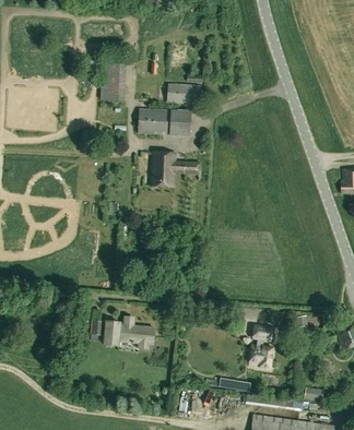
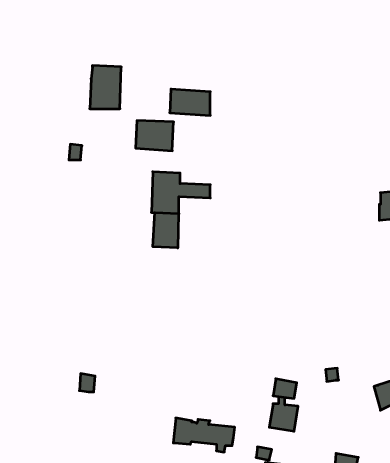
building: [169,109,191,136] -> none
building: none -> [153,213,179,248]
building: [104,321,155,349] -> [173,418,235,452]

